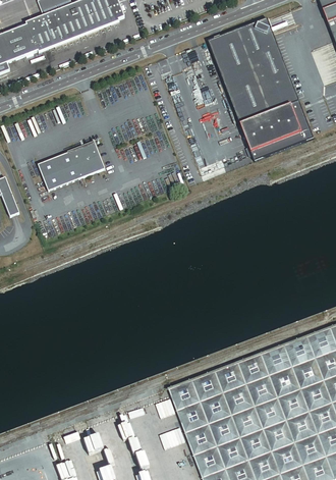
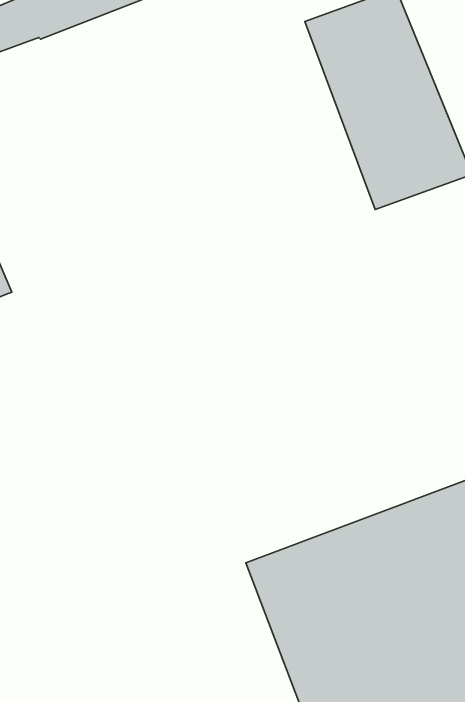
building: [37,142,104,191] -> none

